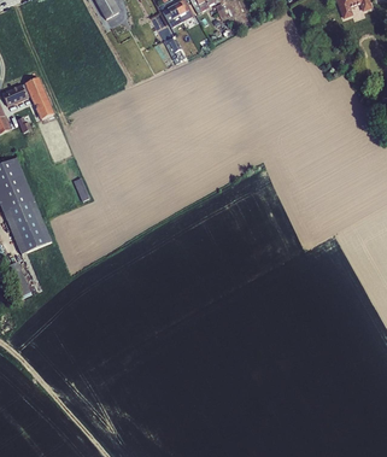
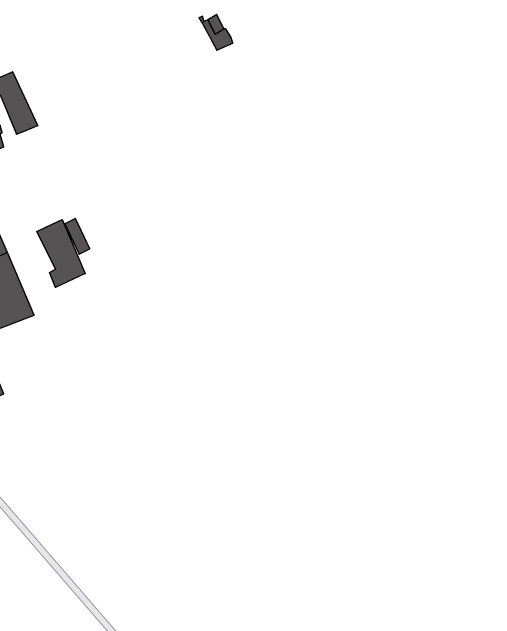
building: none -> [37,220,85,287]

